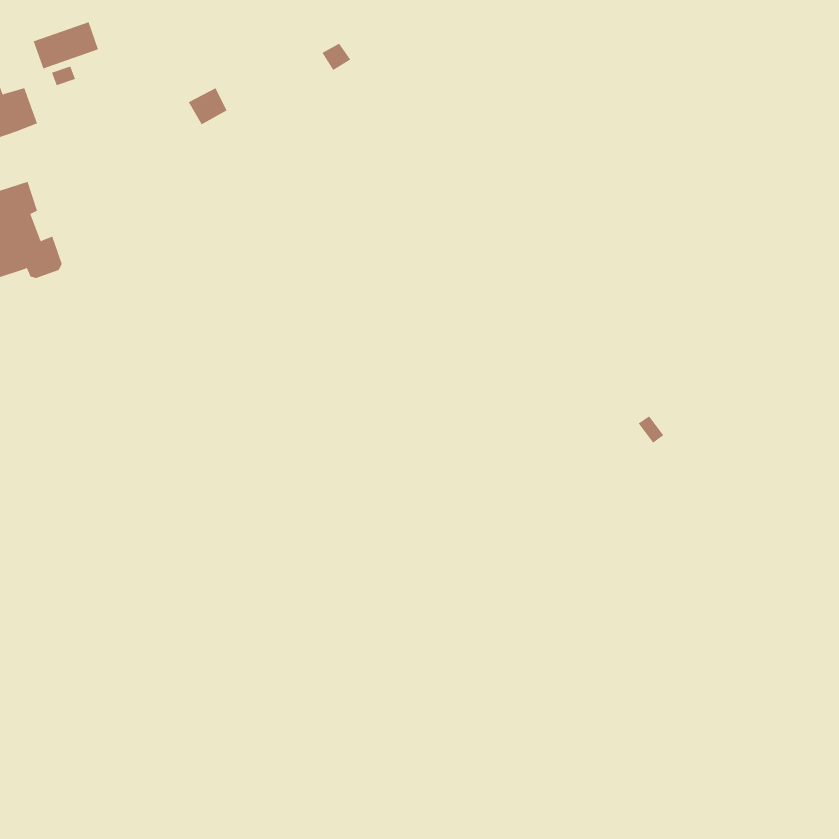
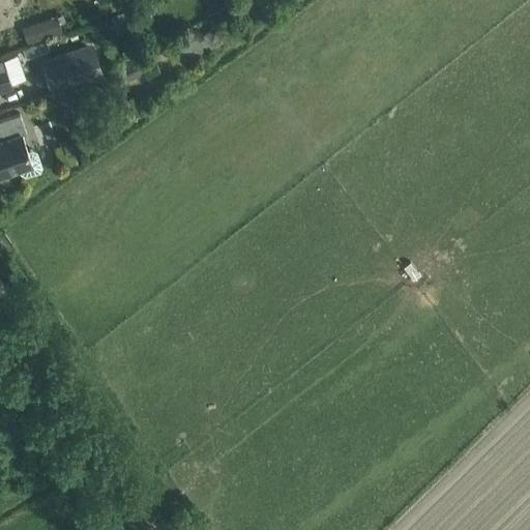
building: none -> [43,51,100,90]

